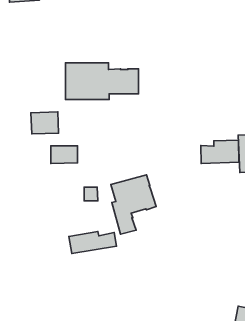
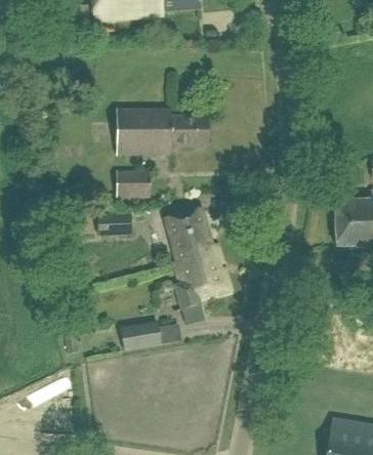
building: [31,112,59,134] -> [116,170,151,198]
building: [201,140,239,163] -> none
building: none -> [165,209,218,262]

